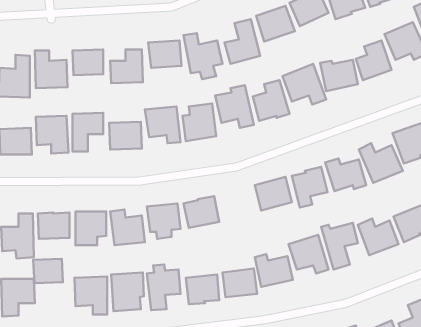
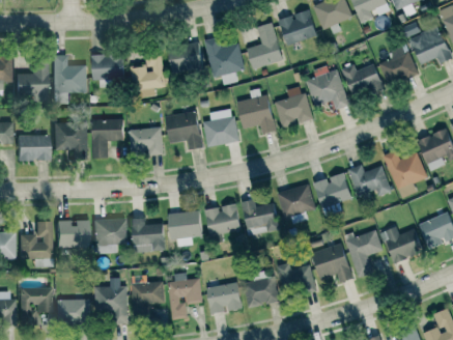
building: none -> [242,199,280,235]
building: [33,259,63,283] -> [58,299,88,323]

